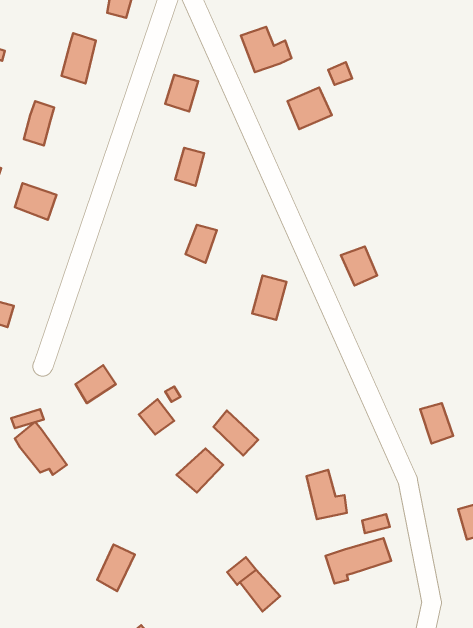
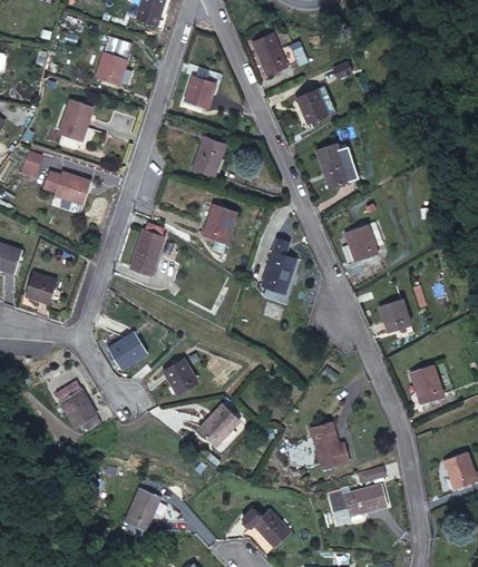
building: none -> [318,146,349,187]
building: none -> [129,232,164,273]
building: none -> [379,297,409,329]
building: [214,411,258,455] -> none

